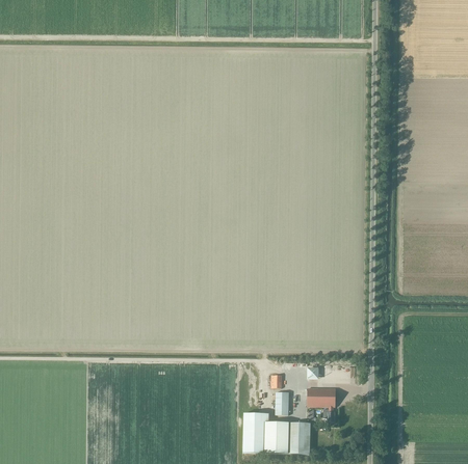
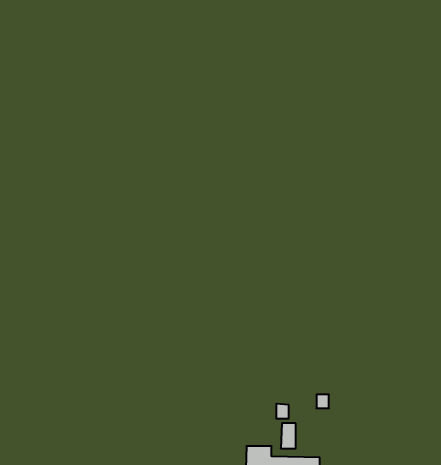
building: [307,387,335,421] -> none

